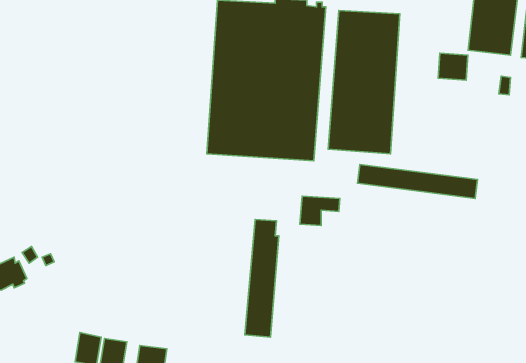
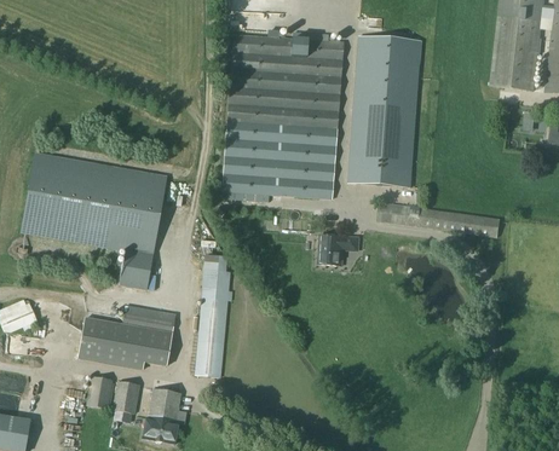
building: [438,53,468,80] -> none
building: none -> [21,154,166,289]
building: [245,220,279,337] -> [194,254,229,375]
building: none -> [77,312,173,369]

